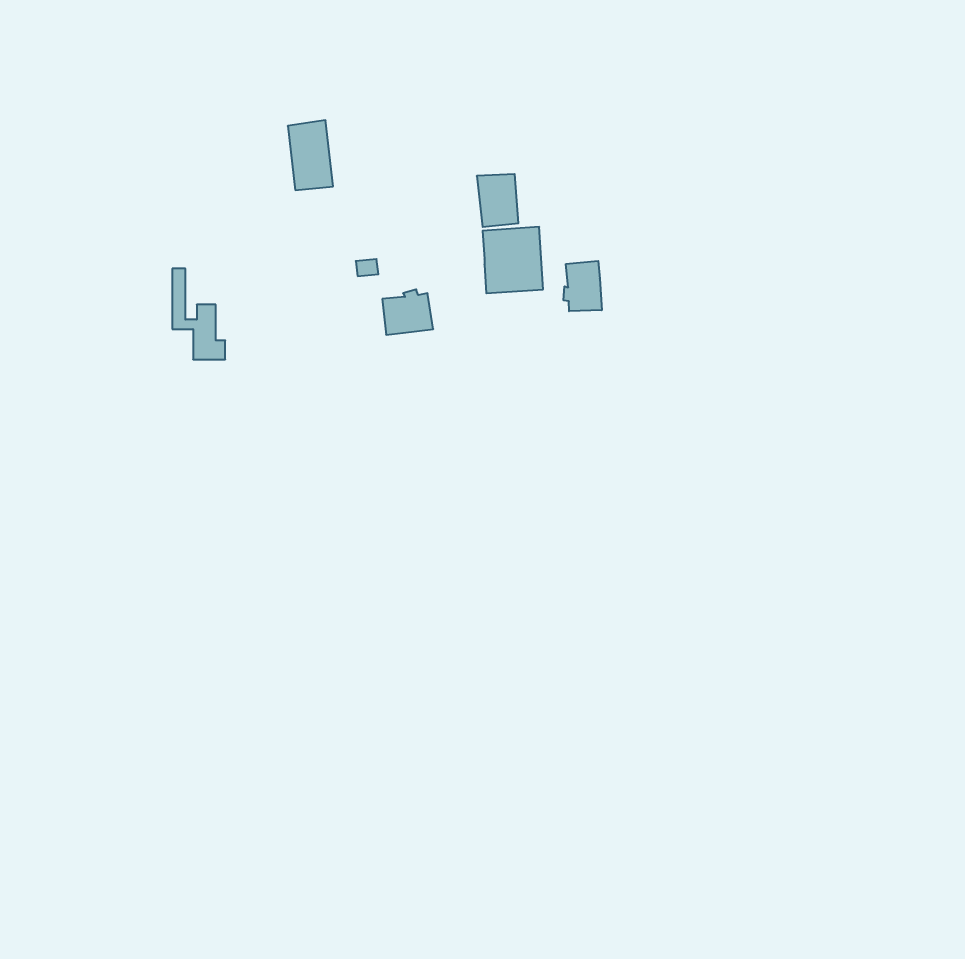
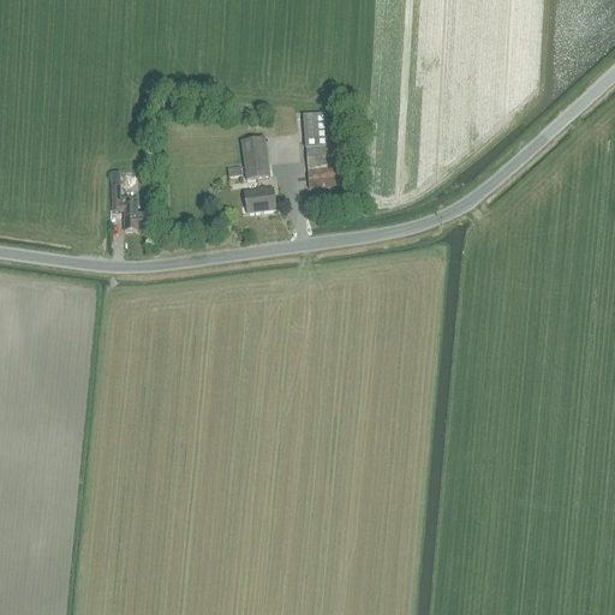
building: [288,120,333,190] -> [240,133,269,178]
building: [564,261,602,311] -> none

